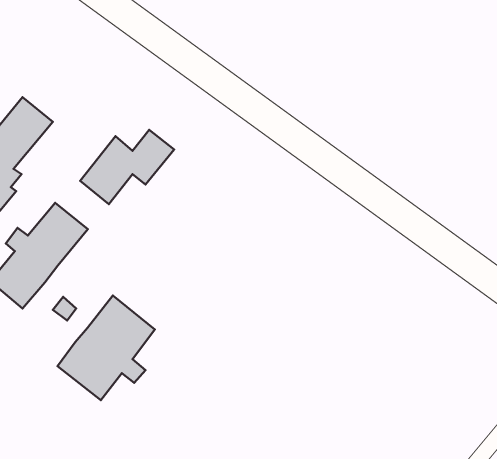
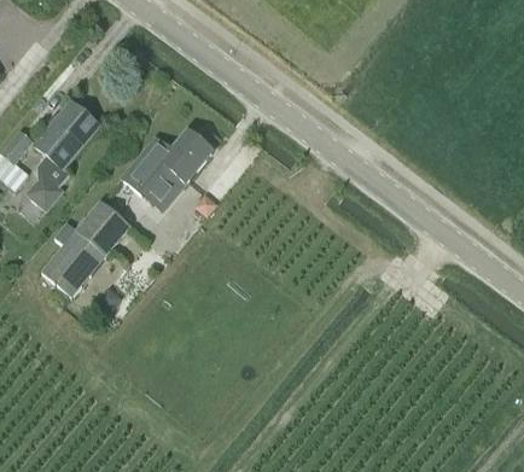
building: [58,295,155,400] -> none

